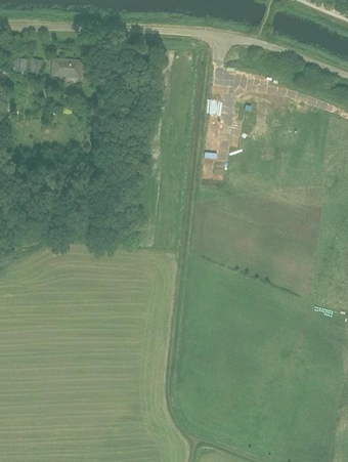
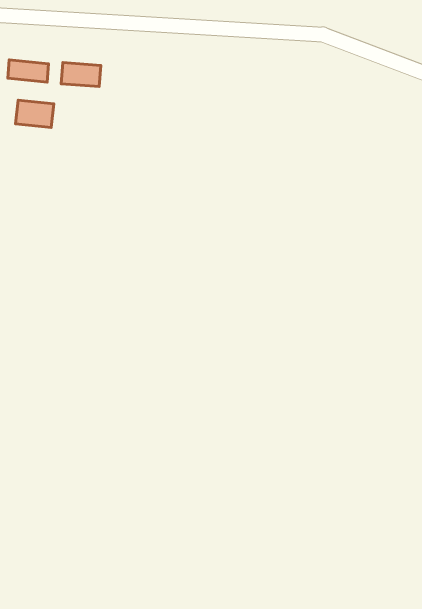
building: none -> [16,100,54,128]

